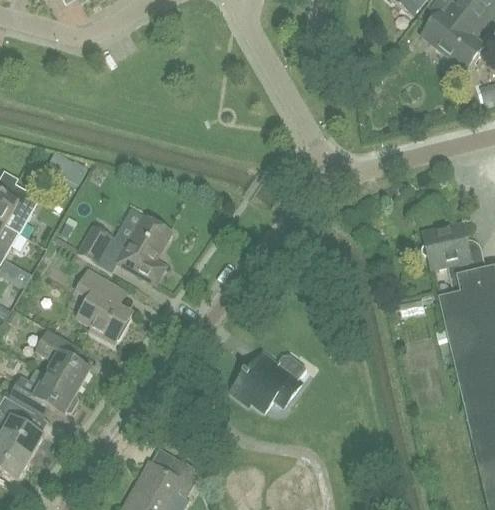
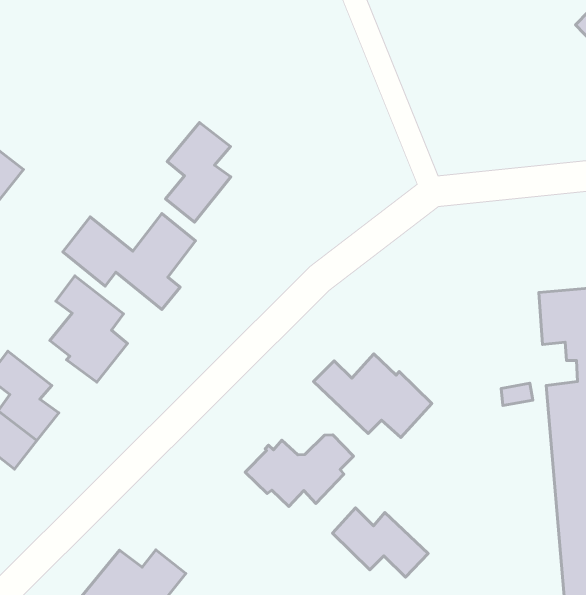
building: none -> [166,122,231,222]
building: none -> [314,354,432,437]
building: none -> [332,508,428,577]

